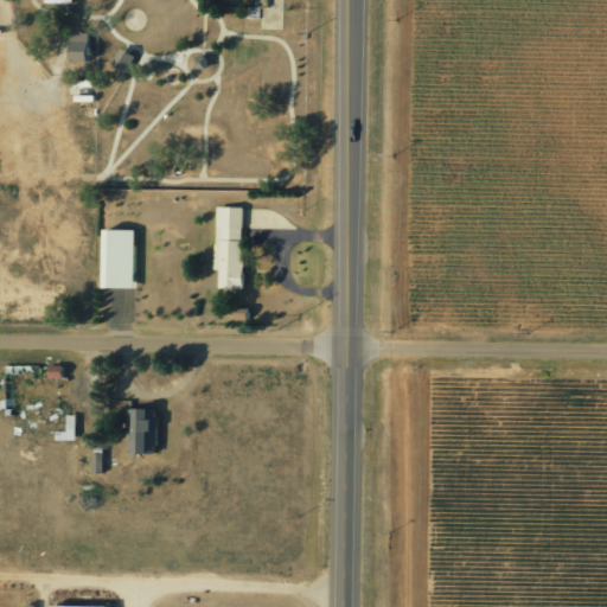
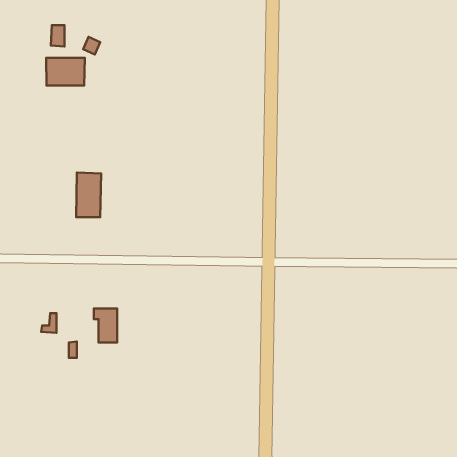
building: none -> [46,58,85,85]
building: [213,206,243,289] -> none

